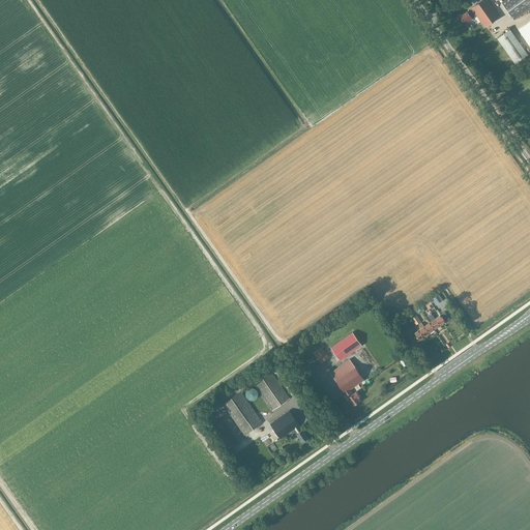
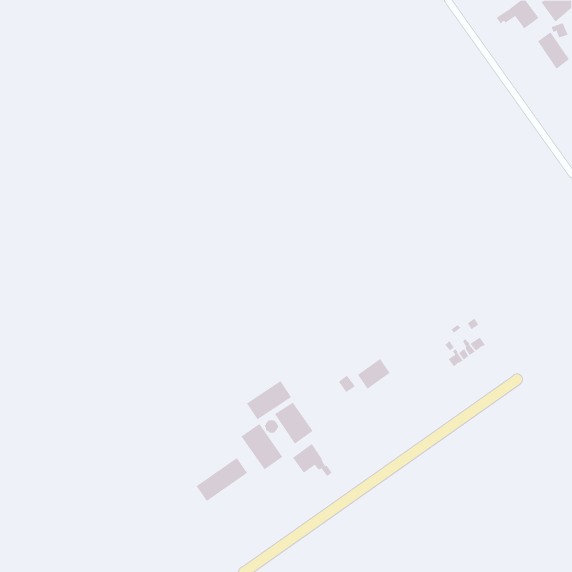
building: none -> [246,380,292,420]
building: [330,359,363,405] -> none
building: none -> [196,457,248,502]

